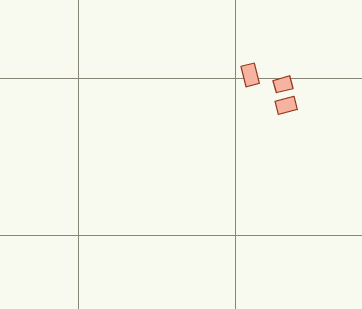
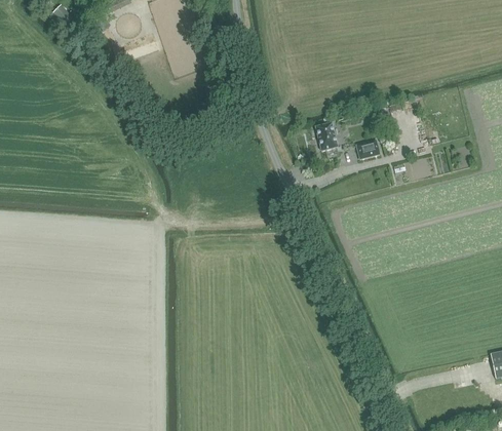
building: [275,96,297,114] -> none

